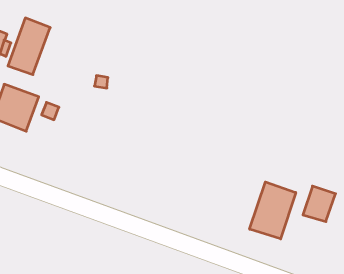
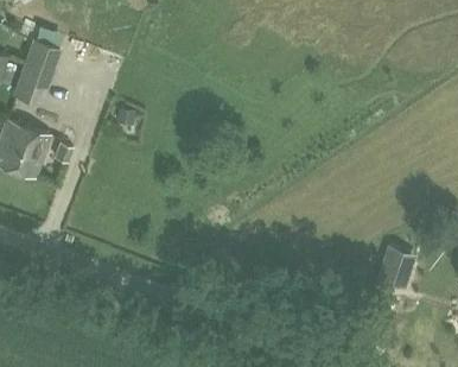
building: [250,182,296,239] -> none

